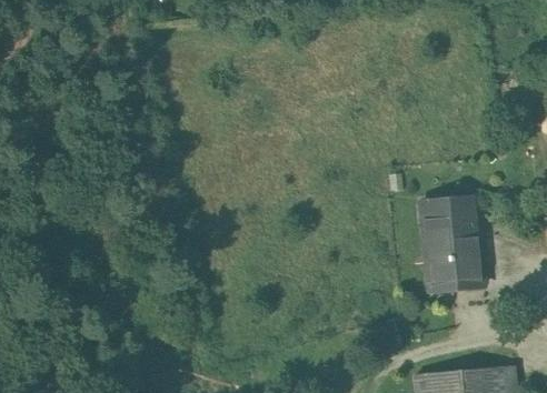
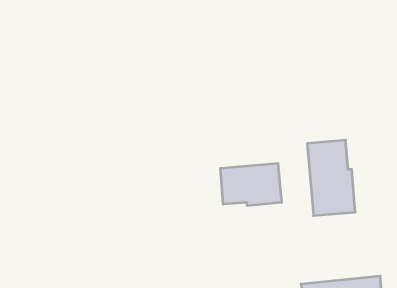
building: none -> [220,163,281,206]

